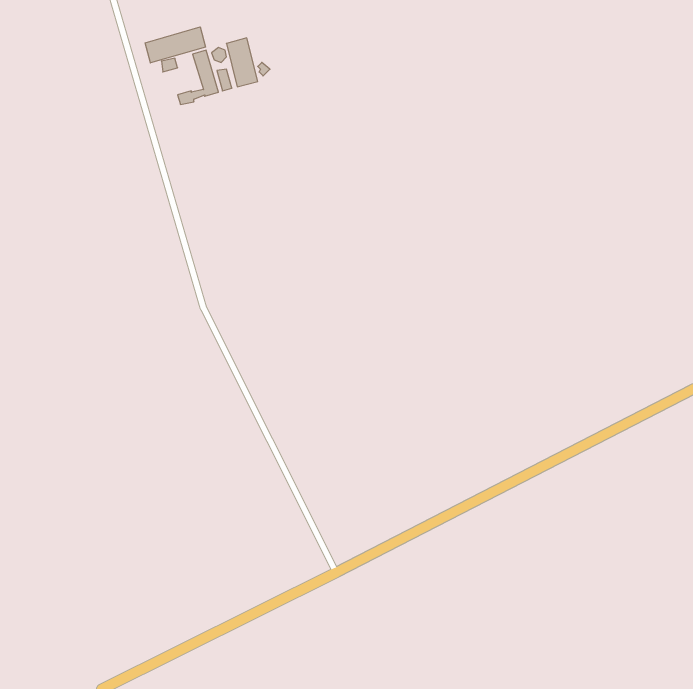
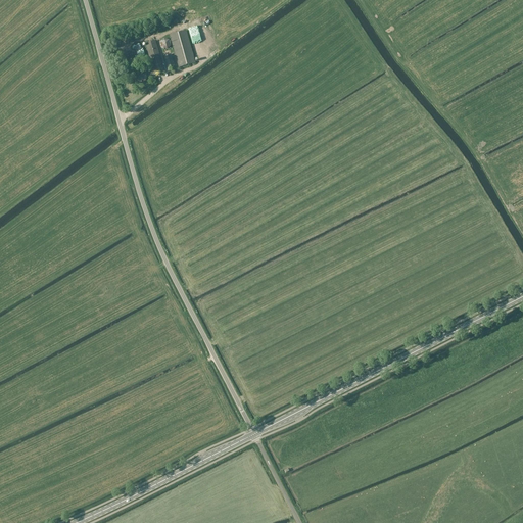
building: [145,27,205,63] -> none

